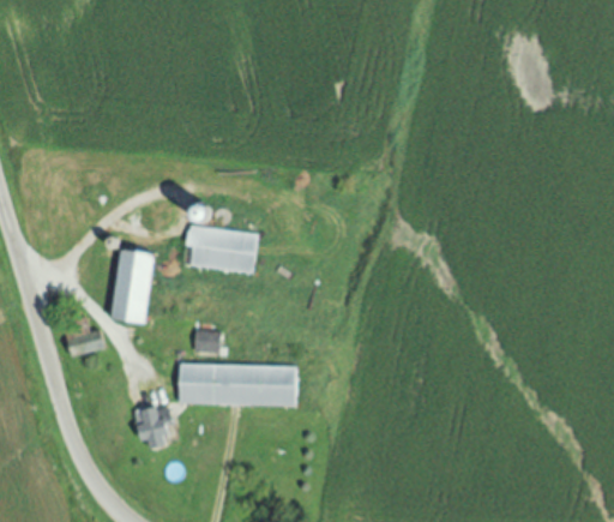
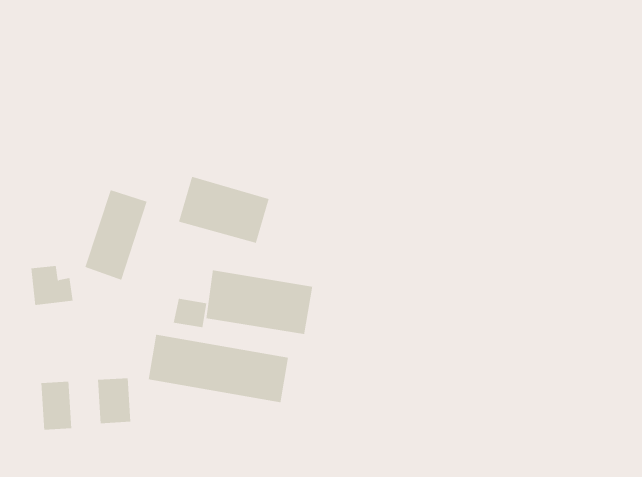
building: none -> [206,270,313,335]
building: none -> [41,381,72,430]

